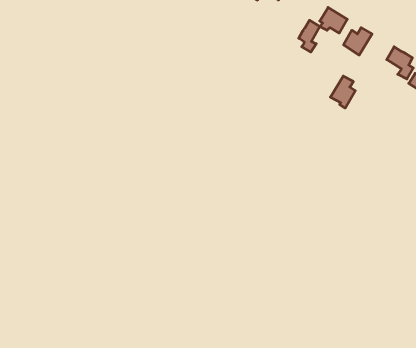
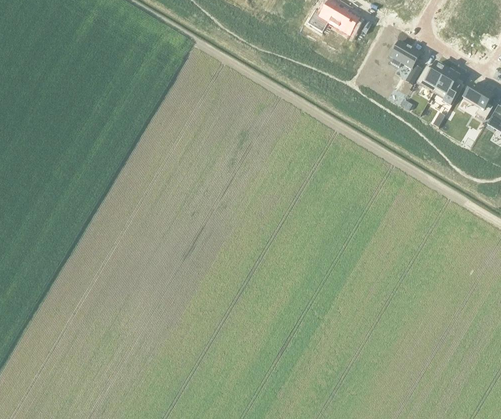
building: [299,20,320,52] -> none
building: [330,76,355,108] -> [433,69,460,104]

